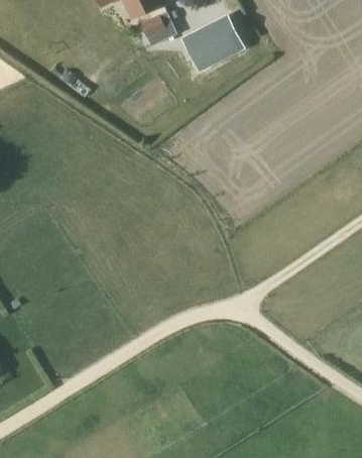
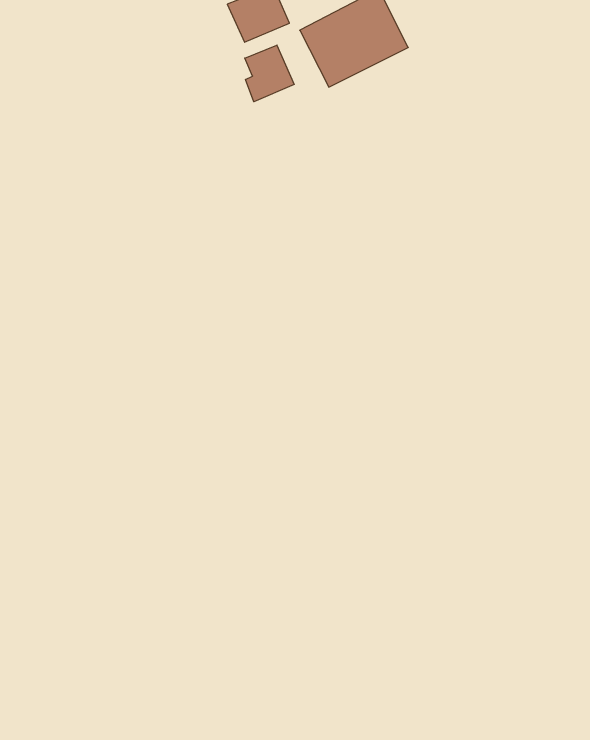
building: none -> [245,45,294,102]

